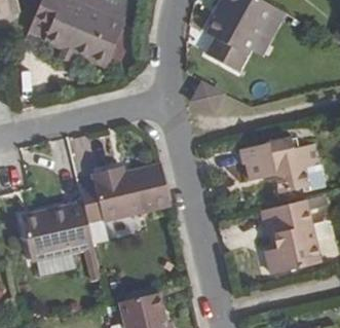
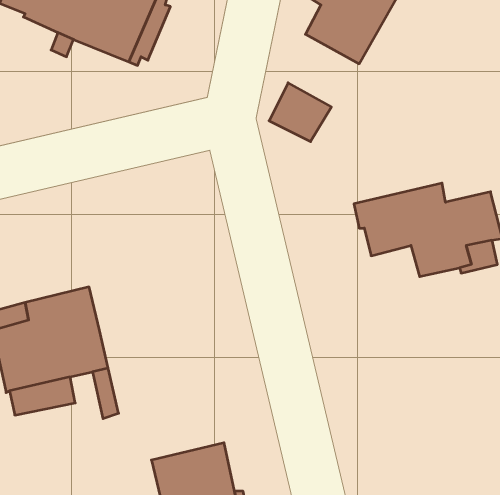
building: [80,163,172,226] -> none
building: [263,199,323,272] -> none

